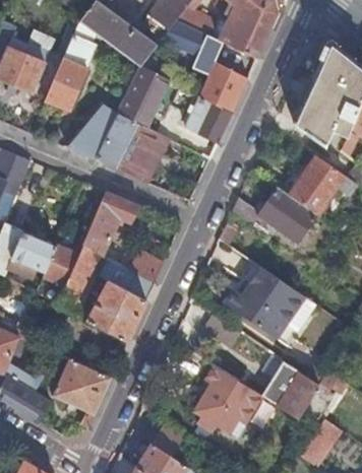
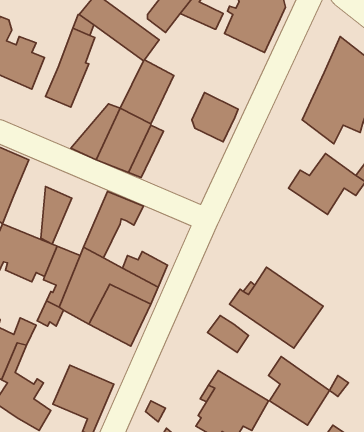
building: [159,20,209,60] -> none
building: [185,57,248,113] -> none
building: [232,186,318,244] -> none
building: none -> [41,187,72,244]

